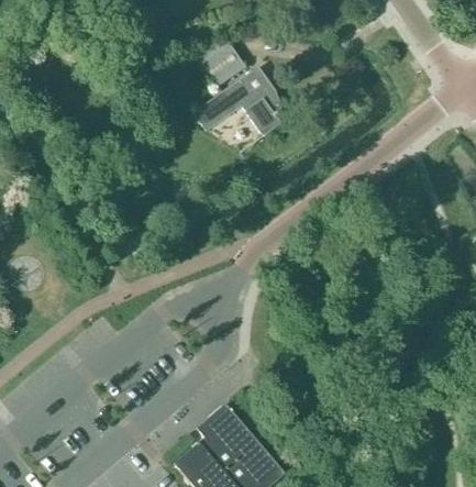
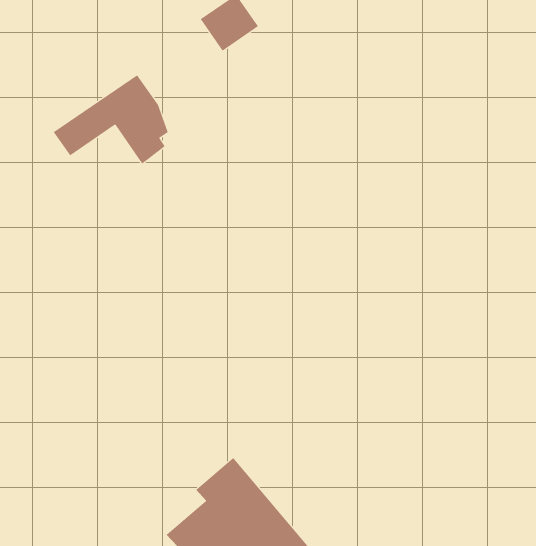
building: [193,67,284,137] -> [53,74,168,165]

